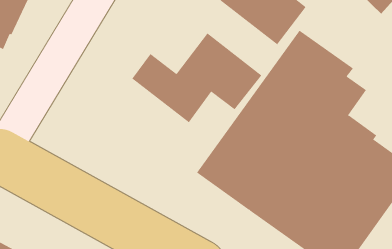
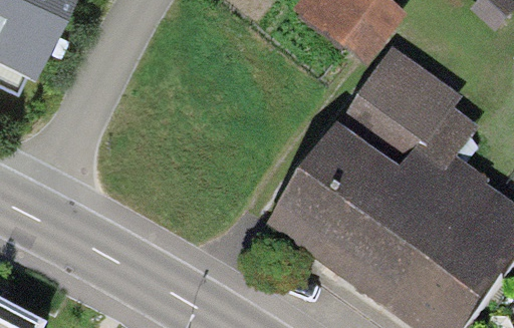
building: [131,33,262,123] -> none

